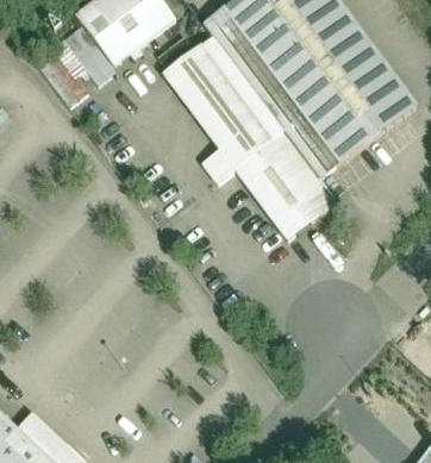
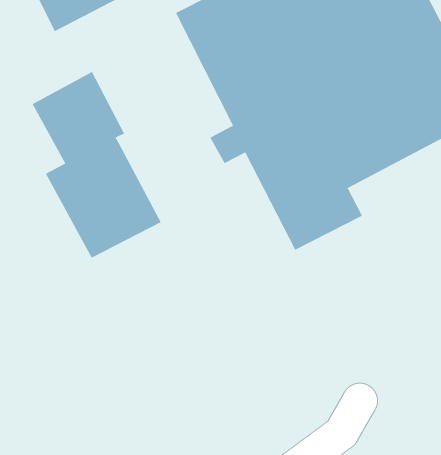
building: none -> [32,71,161,259]

